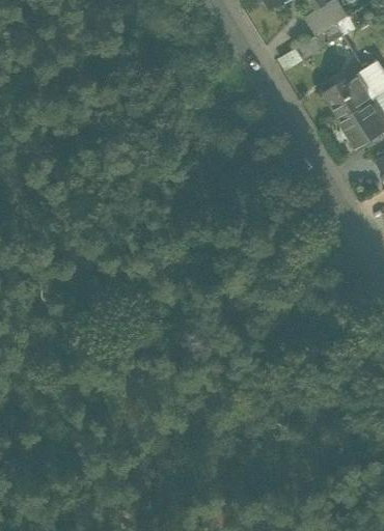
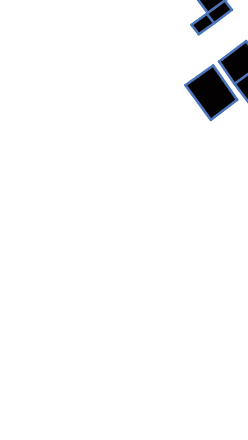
building: none -> [186,66,237,120]

